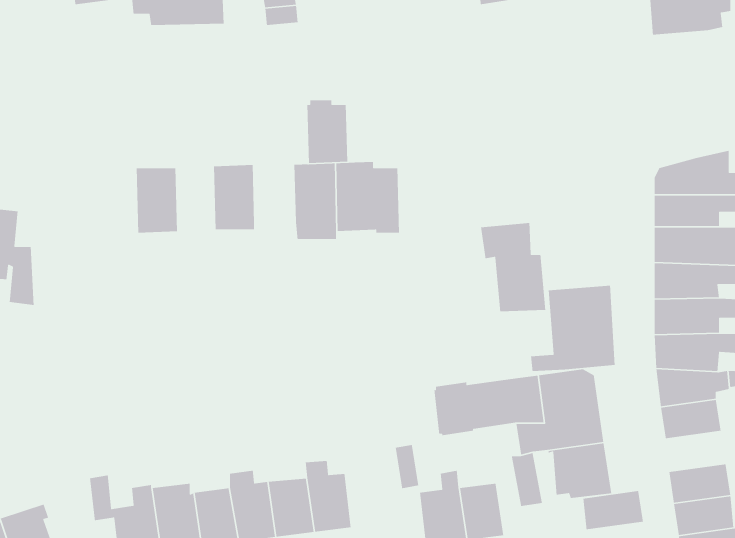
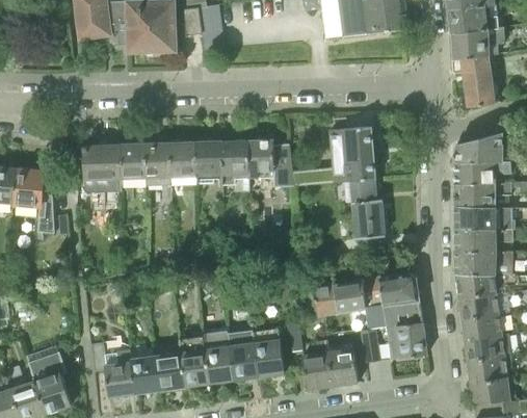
building: none -> [452,55,494,107]
building: [306,99,348,164] -> [194,138,221,180]
building: none -> [144,140,169,185]
building: none -> [79,143,120,194]
building: [530,285,616,372] -> [318,127,373,183]
building: none -> [253,328,283,376]
building: [583,490,644,530] -> [460,314,500,340]

